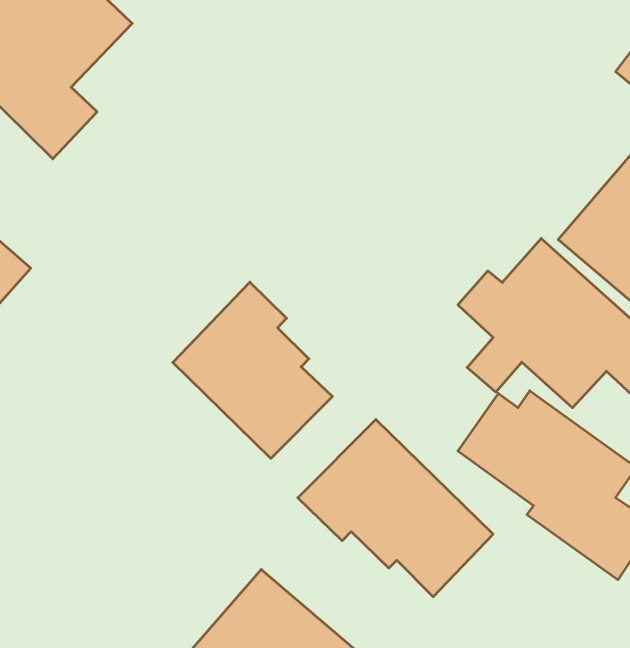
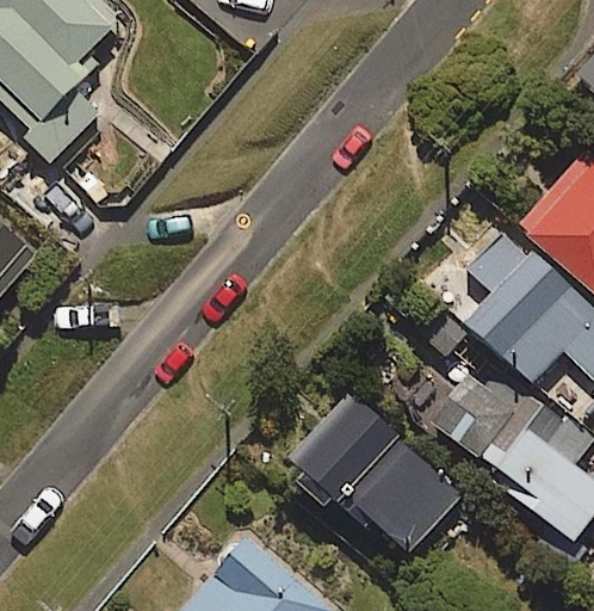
building: [173,282,332,458] -> none

